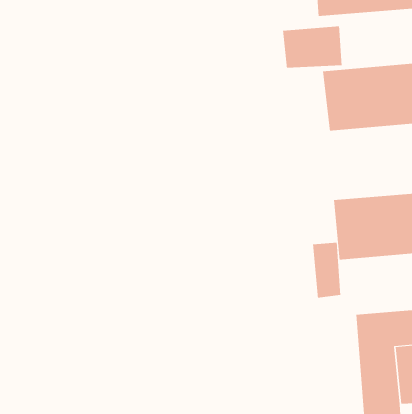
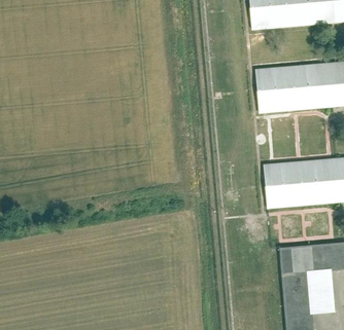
building: [283,25,342,68] -> none
building: [313,242,341,298] -> none

